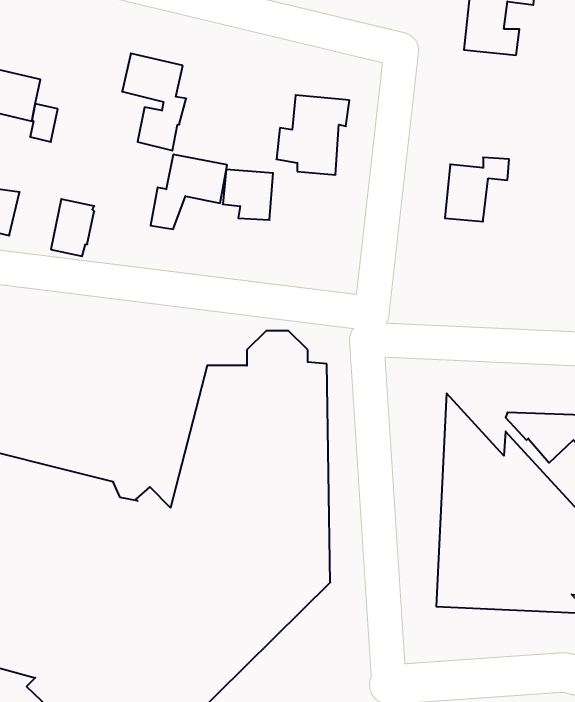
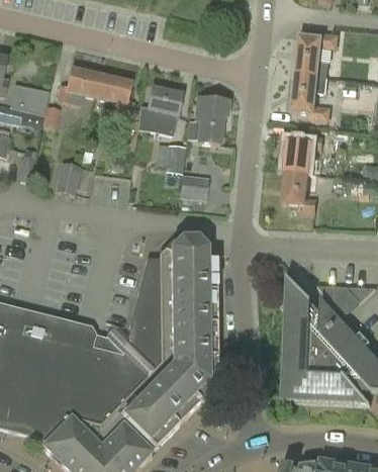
building: none -> [57,68,101,105]
building: none -> [291,73,328,119]
building: [151,155,227,229] -> [137,87,182,130]
building: none -> [281,171,316,211]
building: none -> [179,173,207,199]

